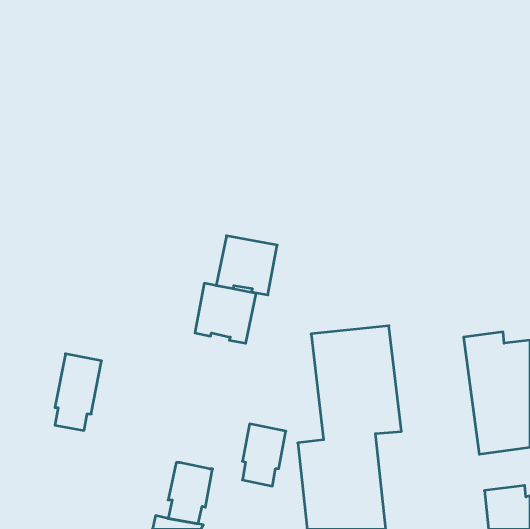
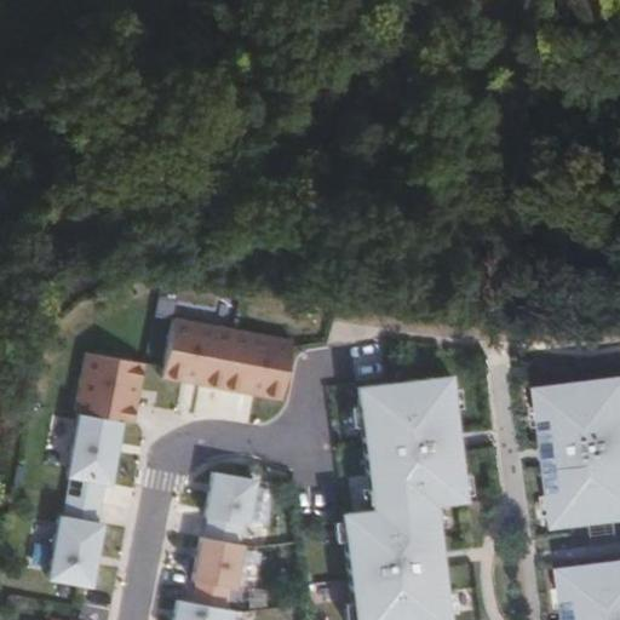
building: [216,236,277,295] -> [167,320,239,389]
building: none -> [73,352,142,424]
building: [242,424,286,486] -> [209,475,260,547]
building: none -> [45,496,99,586]

